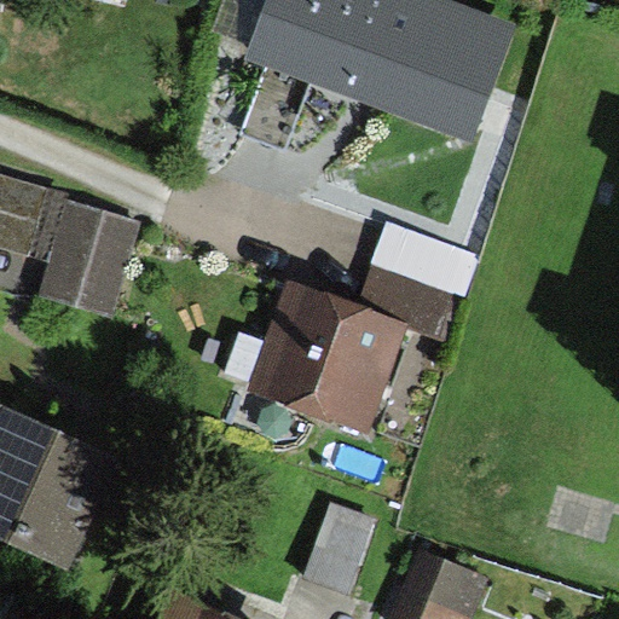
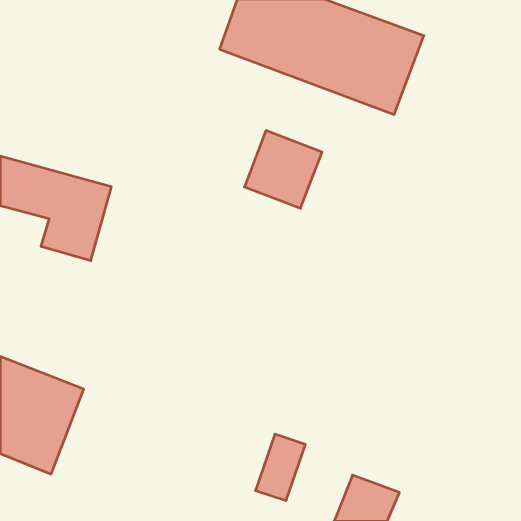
building: [365,233,457,325] -> [244,131,322,208]
building: [256,291,398,430] -> none

